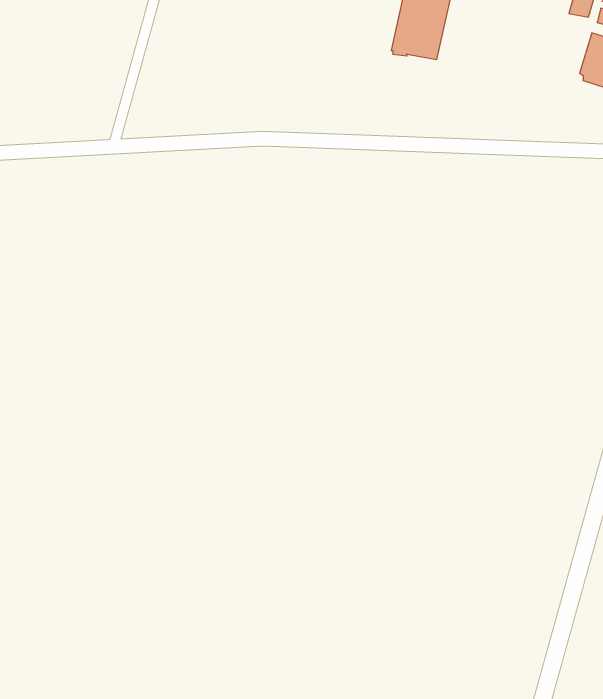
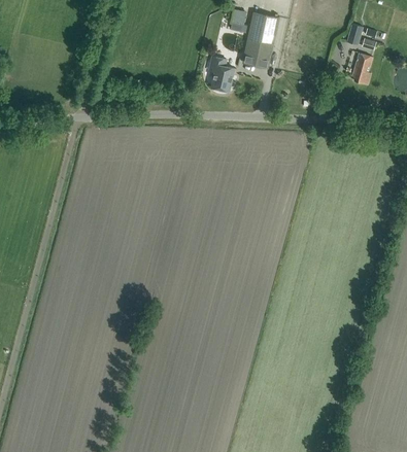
building: none -> [208,56,236,93]

